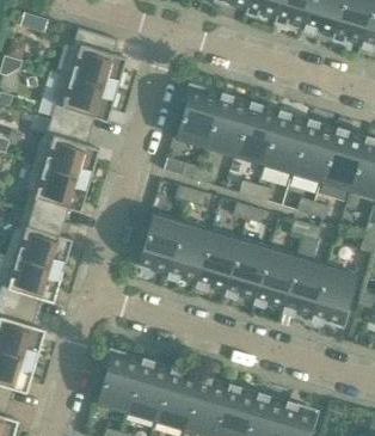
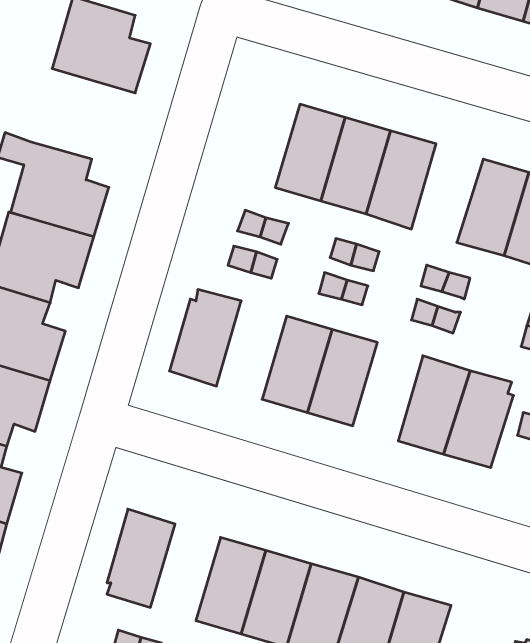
building: [53,73,118,130] -> none
building: [179,86,222,148] -> none
building: [293,121,338,183] -> none
building: [170,220,214,282] -> none
building: [256,246,300,308] -> none
building: [128,361,172,422] -> none

